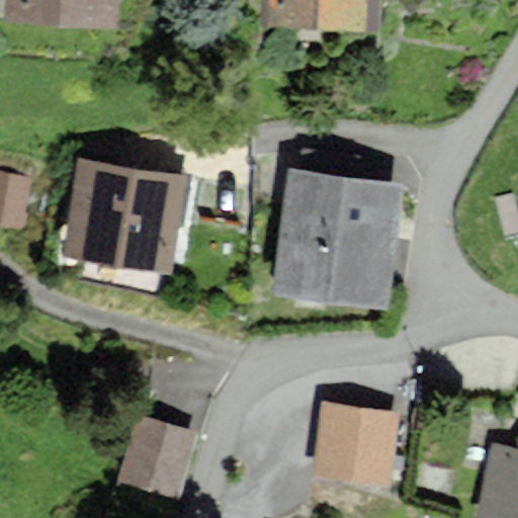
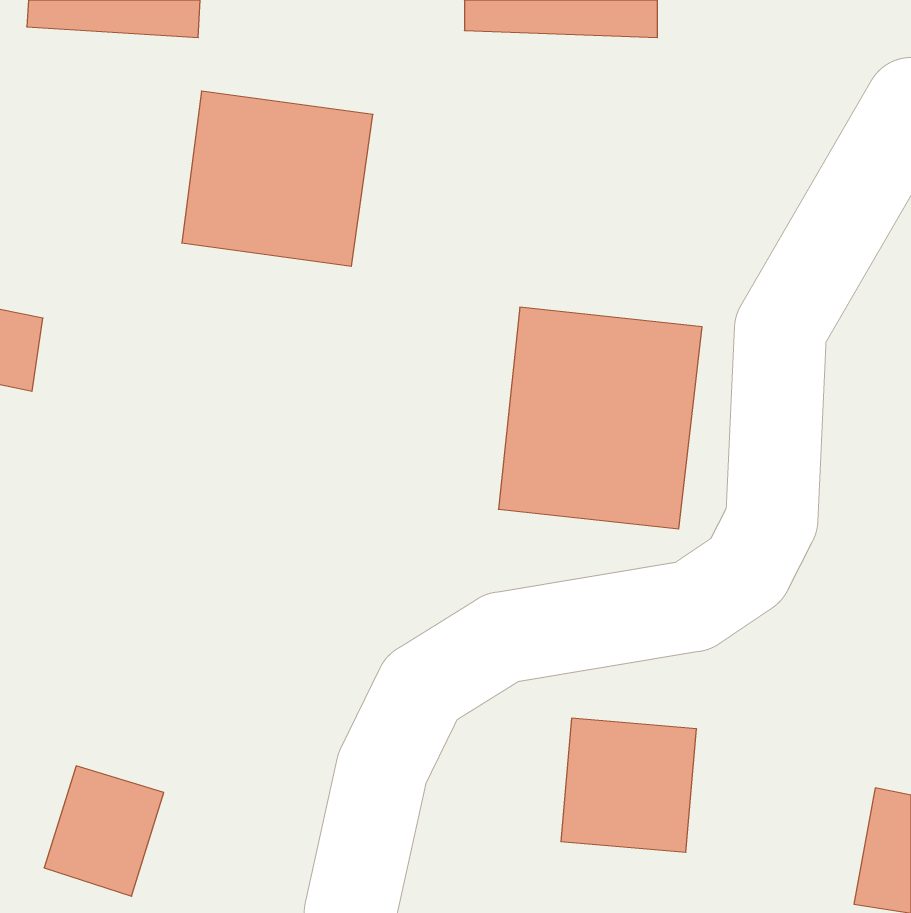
building: [70,165,178,264] -> [182,91,373,266]
building: [123,420,191,494] -> [44,766,164,896]

